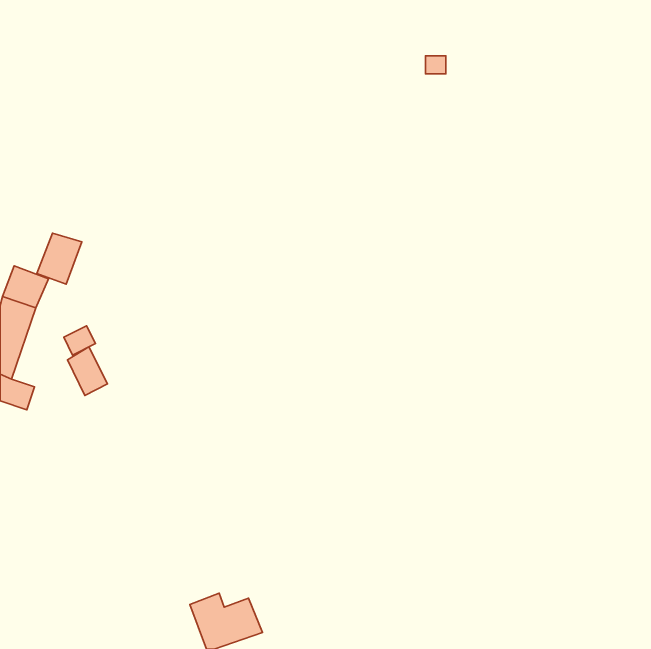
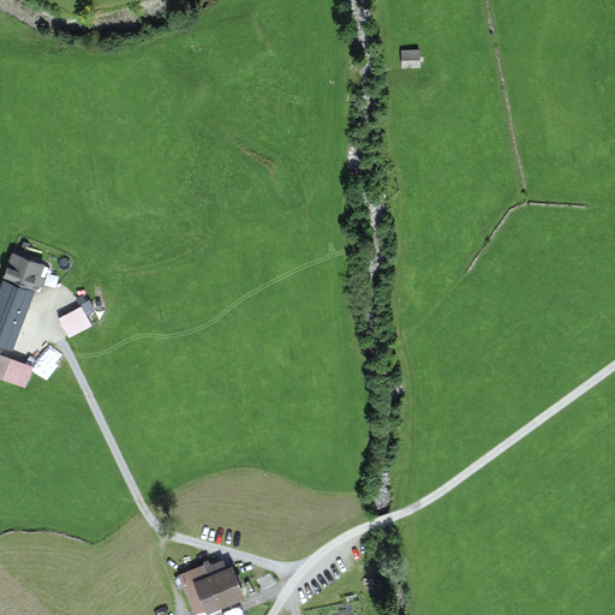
building: [37,233,82,284] -> none
building: [68,347,107,395] -> none

